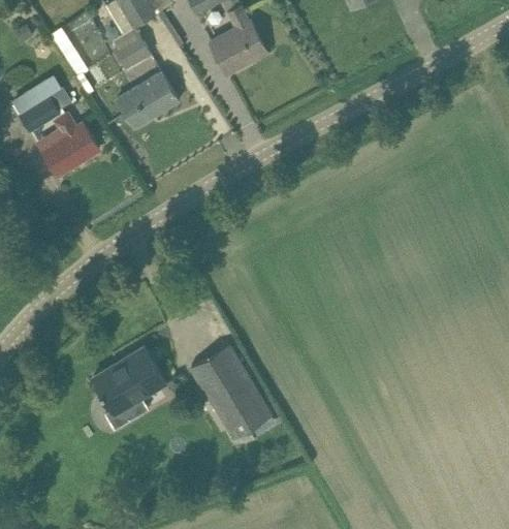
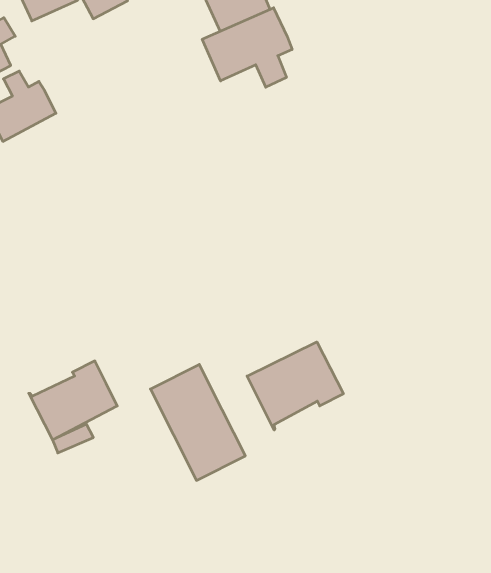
building: none -> [202,8,292,87]
building: [118,72,180,125] -> none
building: none -> [247,342,343,430]

